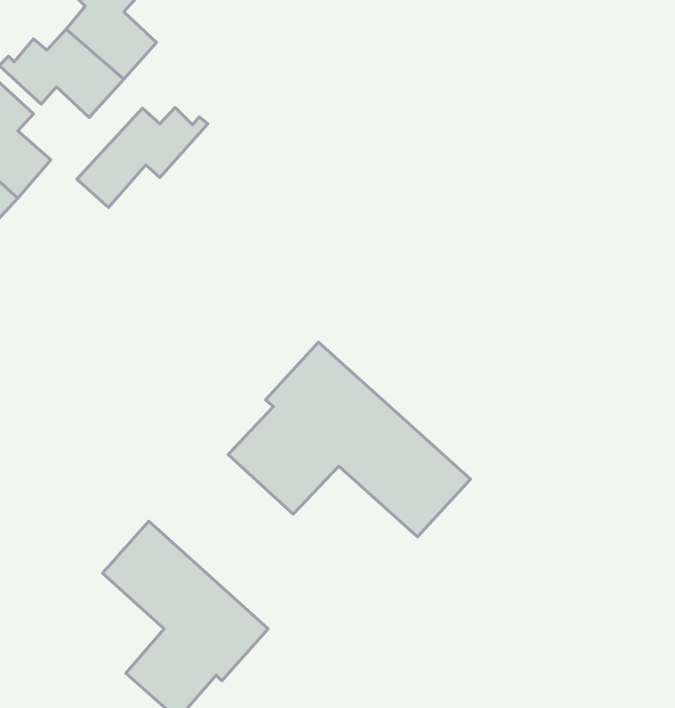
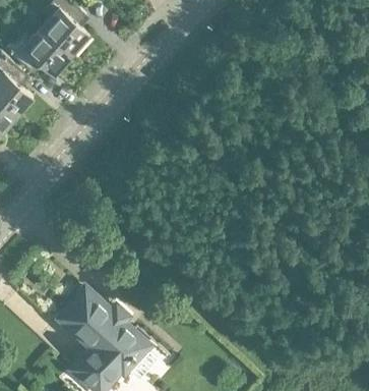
building: [77,107,208,208] -> none
building: [228,342,471,537] -> none

